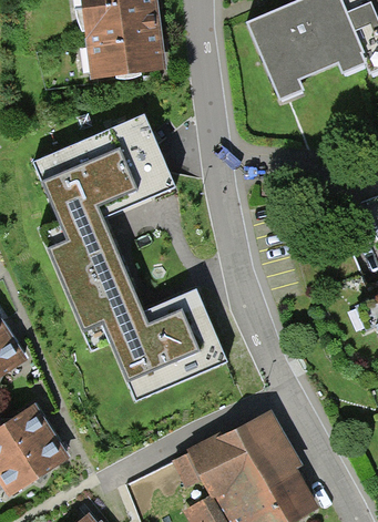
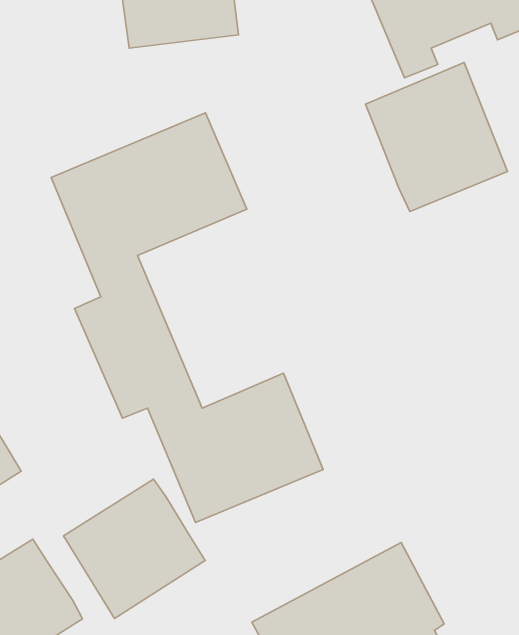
building: none -> [366,62,508,211]
building: none -> [64,479,205,619]

